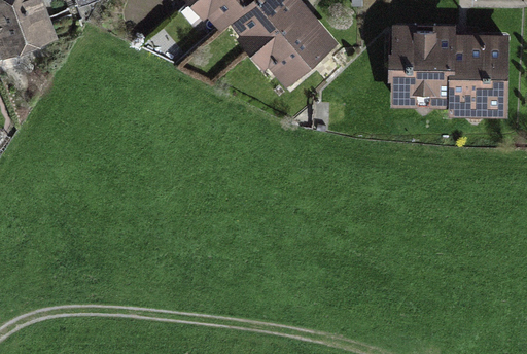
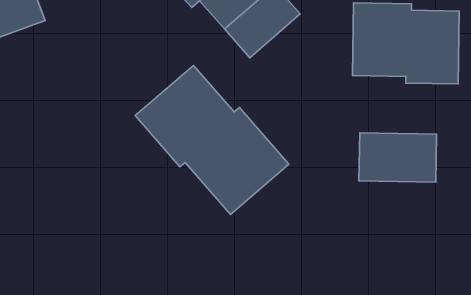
building: none -> [135,65,289,214]
building: none -> [359,133,437,182]

